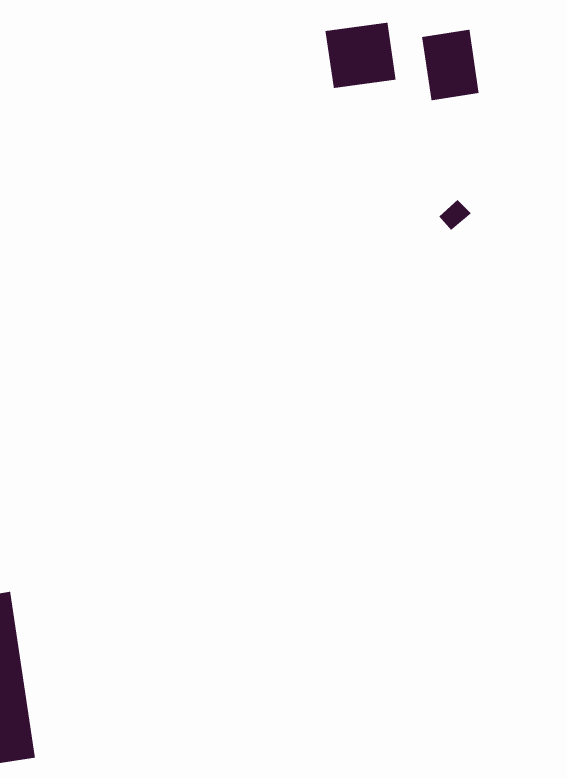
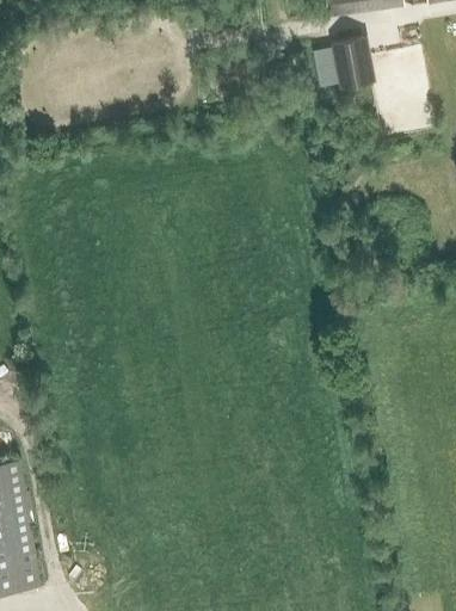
building: [325,22,397,89] -> none

